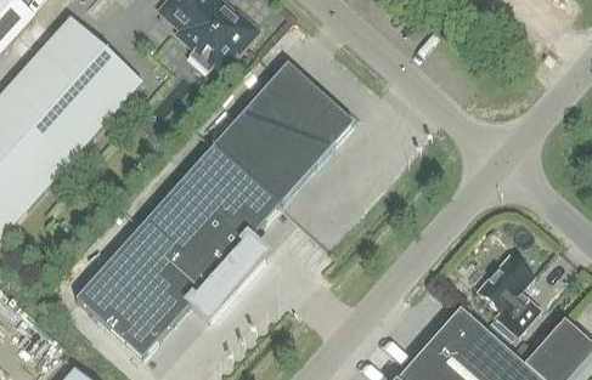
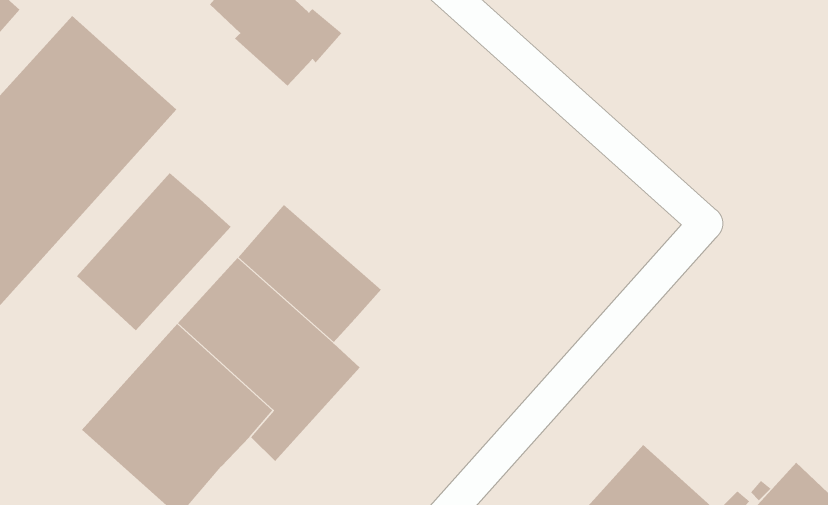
building: [215,62,354,202] -> none
building: none -> [76,172,231,331]
building: [478,254,541,334] -> none

